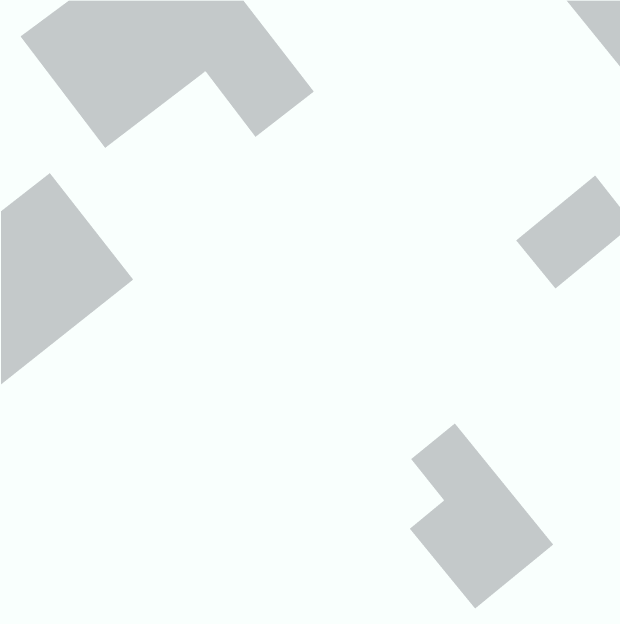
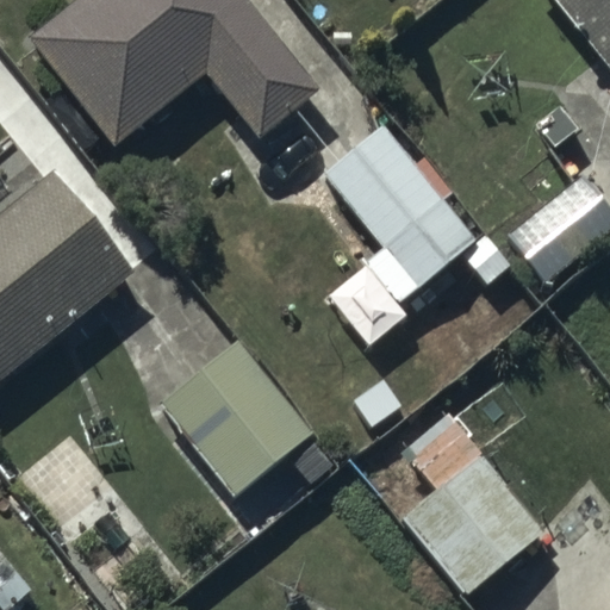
building: none -> [323,126,478,304]
building: none -> [160,342,311,497]

